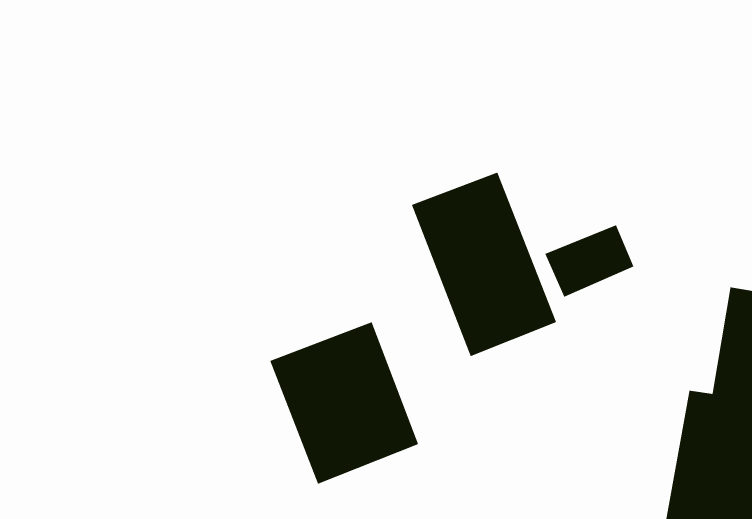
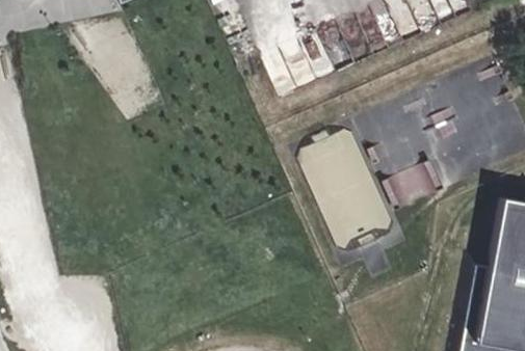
building: [269,321,419,485] -> none

